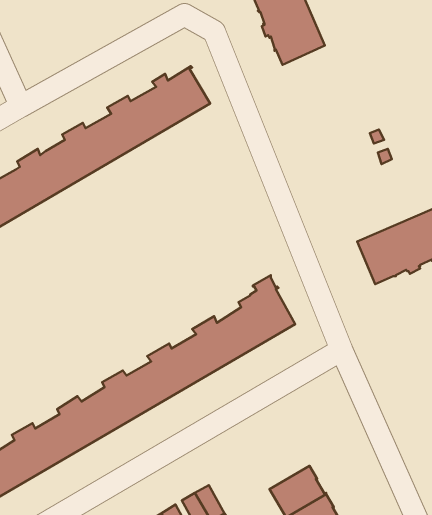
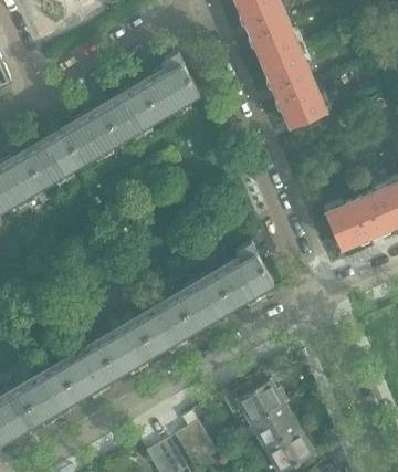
building: none -> [261,44,325,126]
building: none -> [235,379,284,424]

